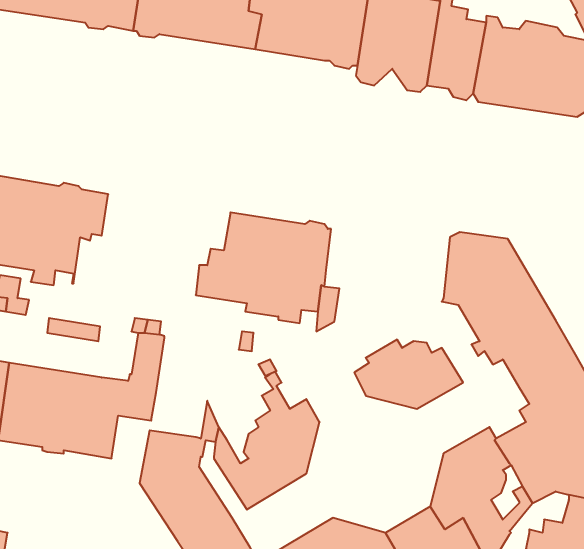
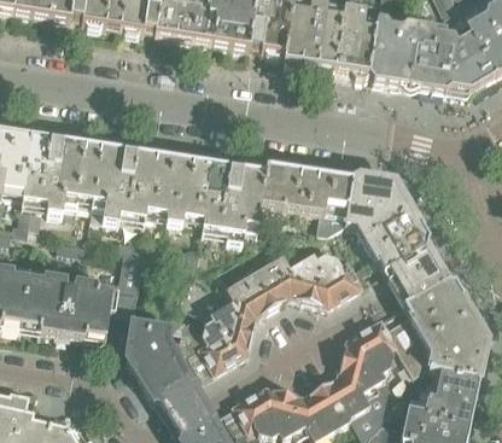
building: none -> [77,145,192,223]
building: none -> [262,162,352,223]
building: none -> [226,253,293,314]

